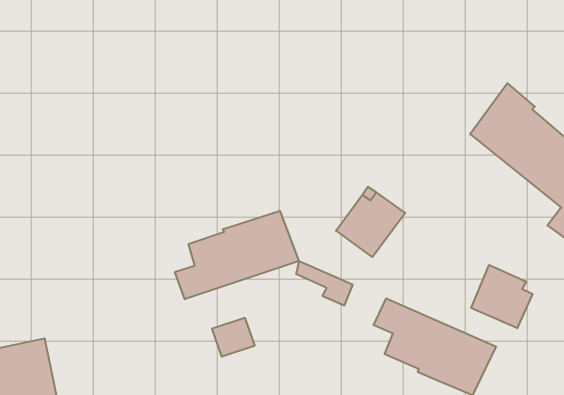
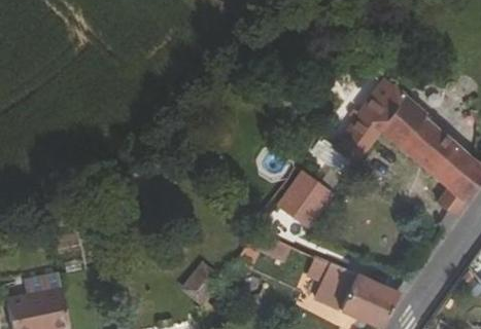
building: none -> [313,79,407,179]
building: [175,211,299,299] -> none
building: [471,265,532,328] -> none

